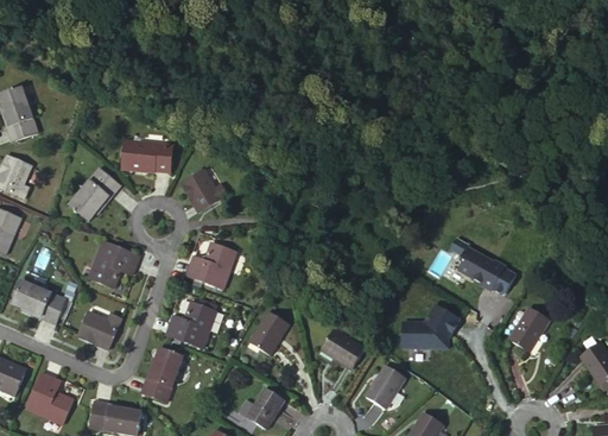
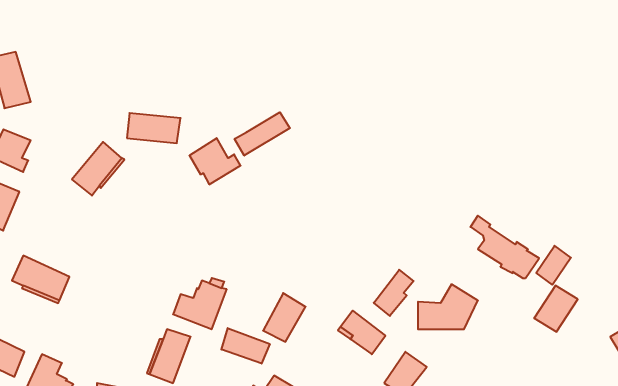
building: none -> [235,112,290,156]
building: [89,239,140,285] -> none
building: [186,241,238,287] -> none
building: none -> [536,246,571,285]
building: none -> [374,270,414,316]
building: [80,305,124,343] -> none
building: none -> [221,328,270,364]

